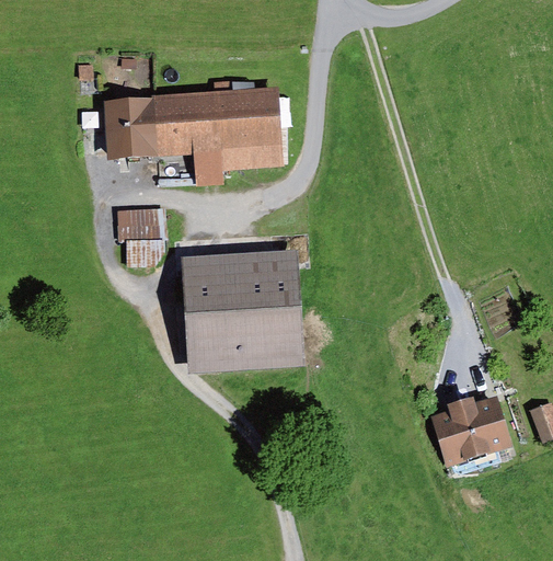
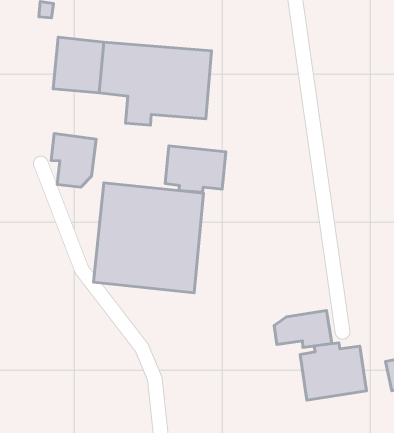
building: none -> [165,146,226,192]
building: none -> [274,311,332,348]

